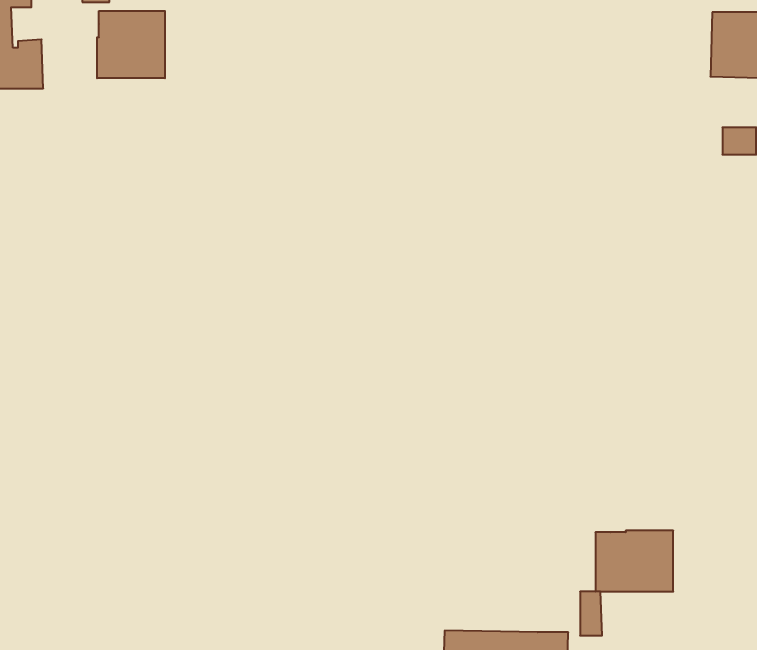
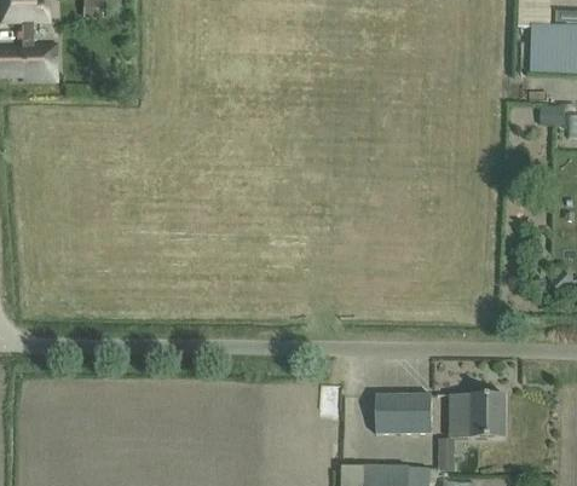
building: [97,11,165,78] -> none
building: none -> [375,393,431,433]

